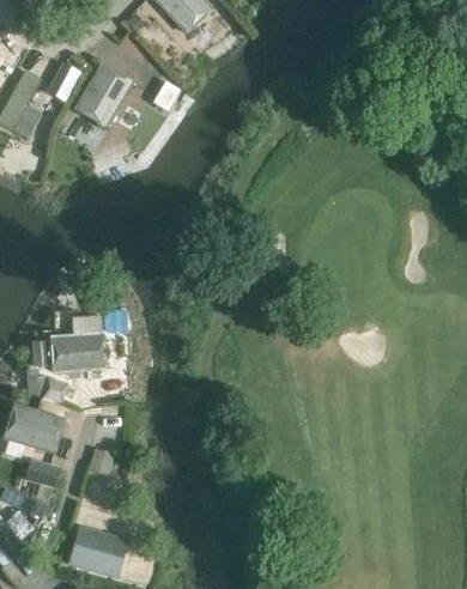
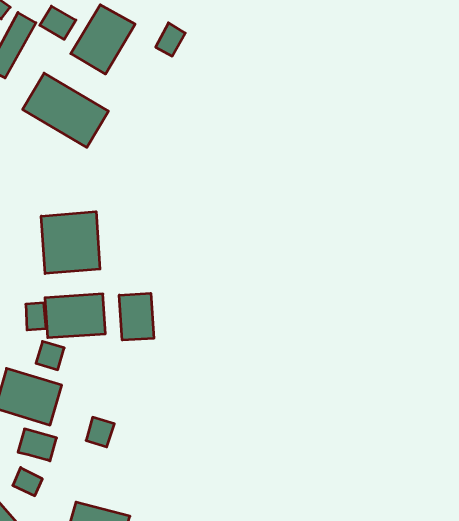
building: none -> [23,73,108,147]
building: none -> [41,212,100,274]
building: none -> [119,293,154,340]

